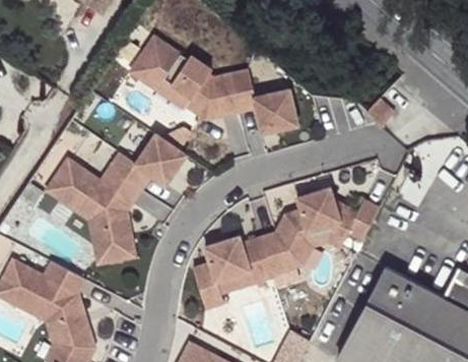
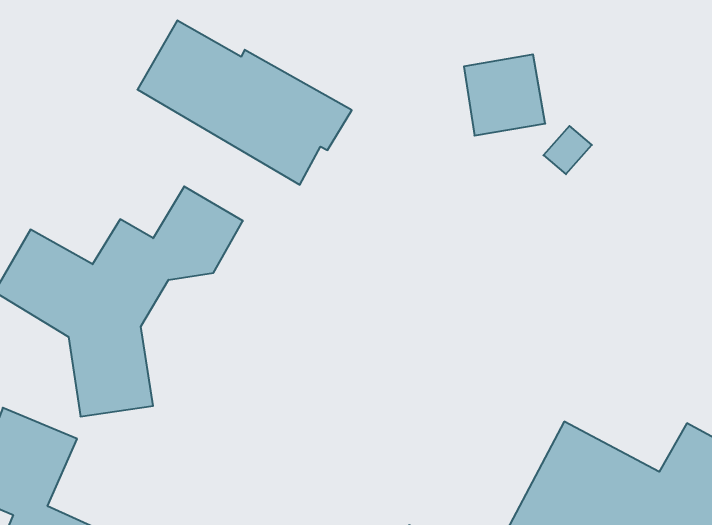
building: [254,85,302,133] -> [464,54,545,136]
building: [193,184,377,309] -> none

